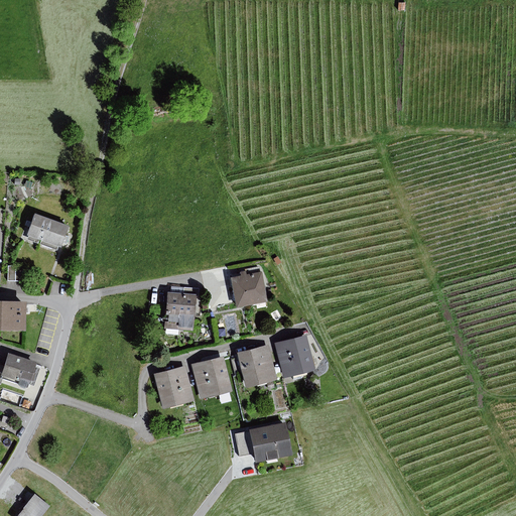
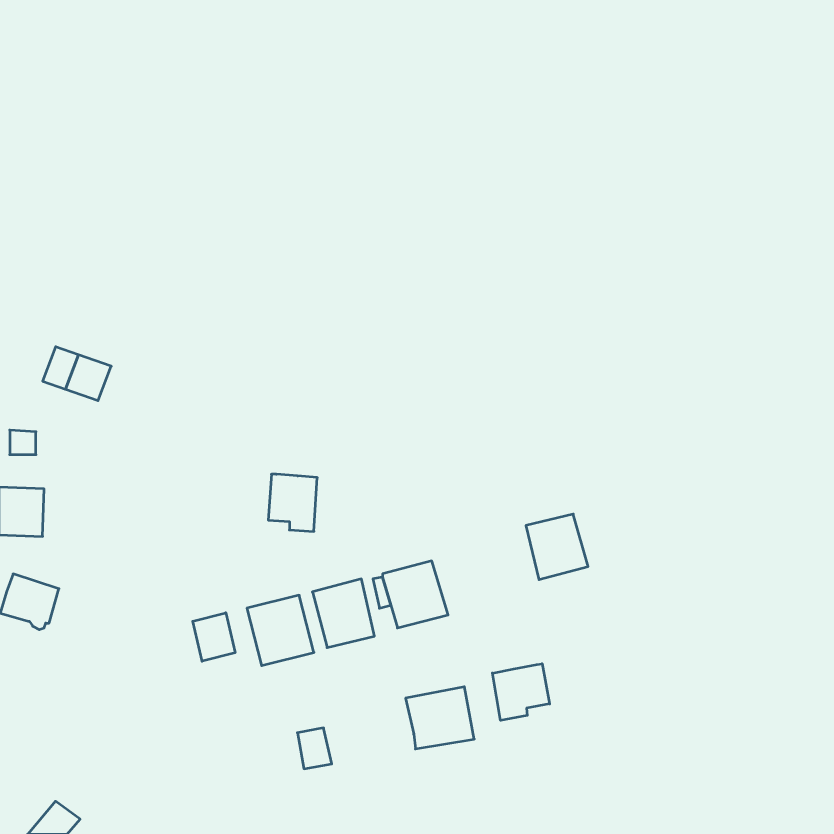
building: [230,273,265,307] -> none
building: [275,335,313,375] -> [526,514,588,580]
building: none -> [193,613,235,661]
building: none -> [492,664,550,720]
building: [234,430,255,456] -> [297,728,332,769]

